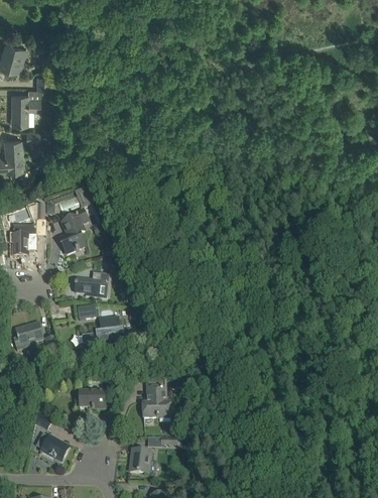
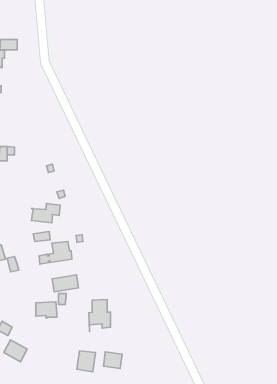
building: [59,207,89,253] -> none
building: none -> [52,275,78,292]
building: none -> [103,352,122,369]

